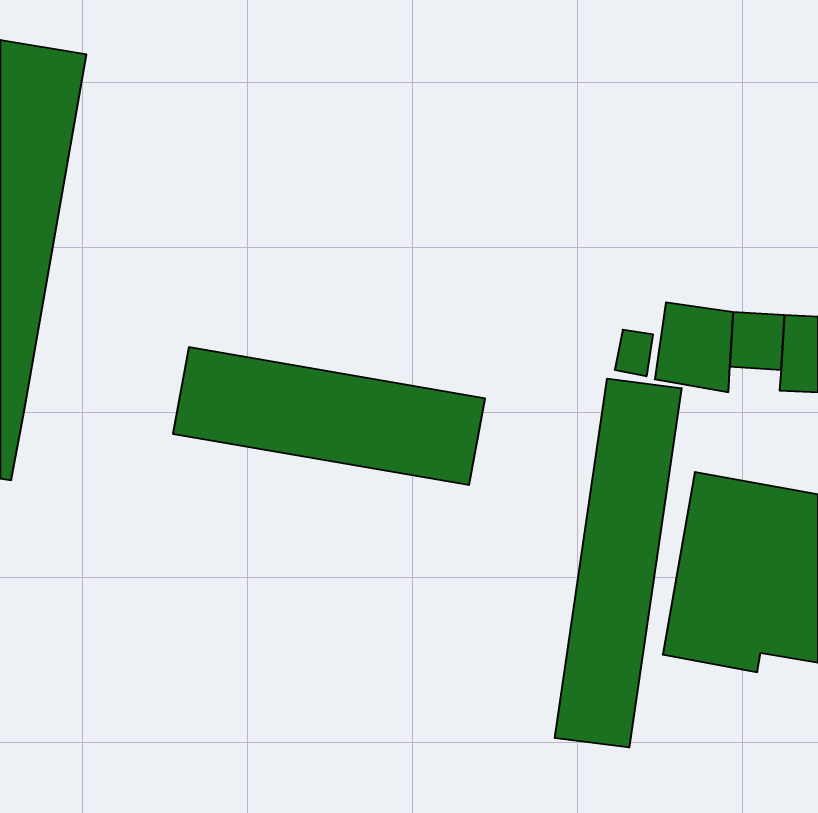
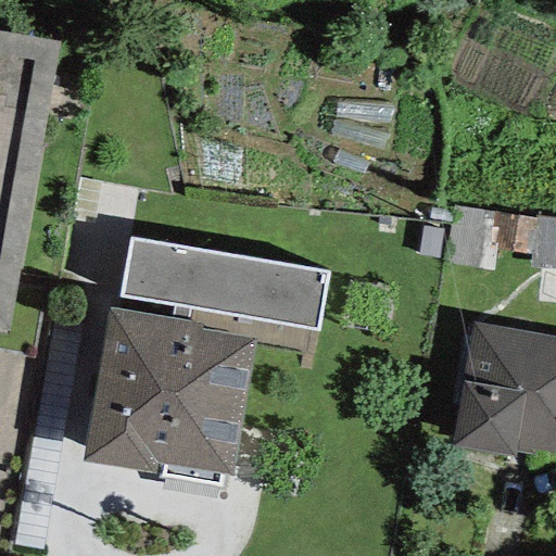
building: [555,379,682,748] -> none
building: none -> [80,305,254,481]

